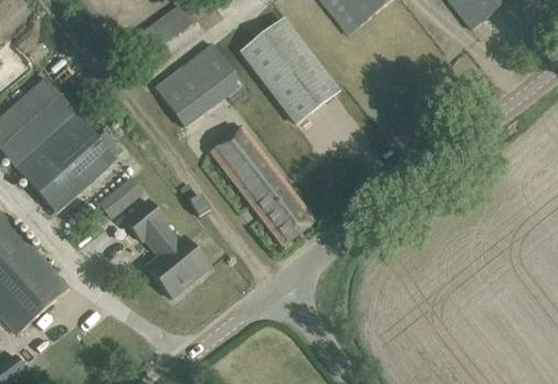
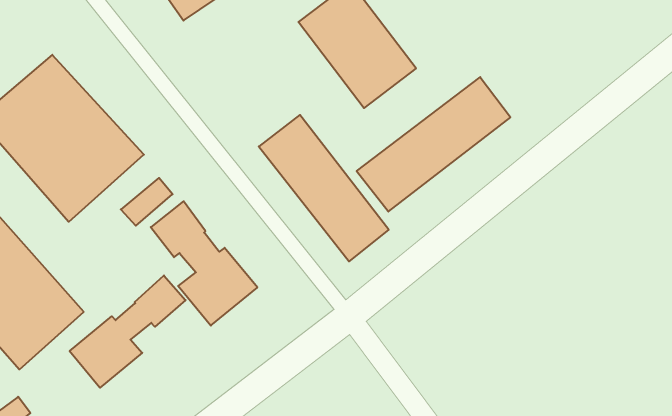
building: [157,44,242,126] -> none
building: none -> [357,77,510,212]
building: none -> [70,275,186,388]

